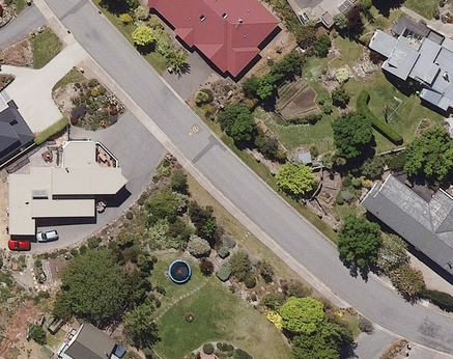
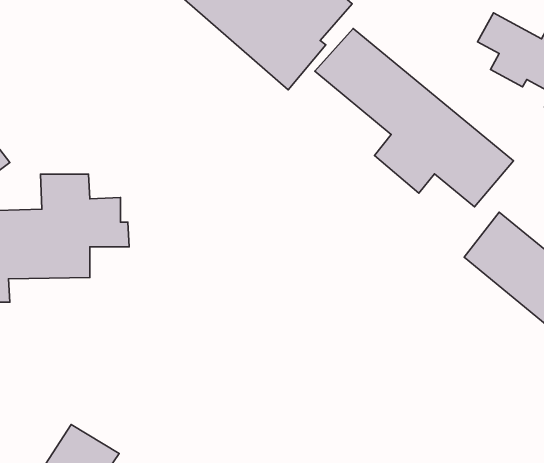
building: none -> [315,28,513,207]

